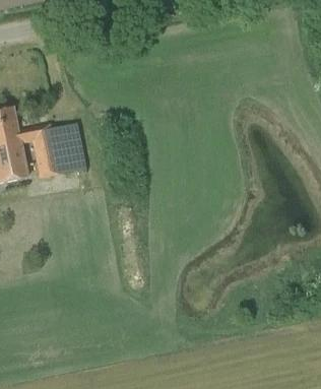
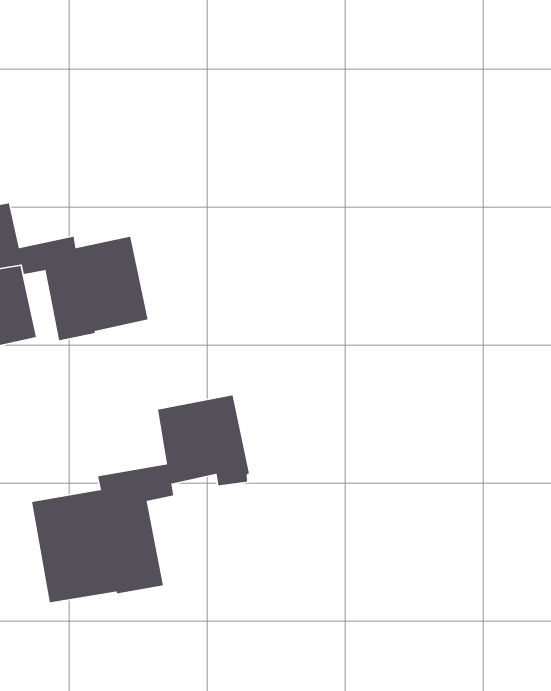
building: none -> [31,394,250,603]

